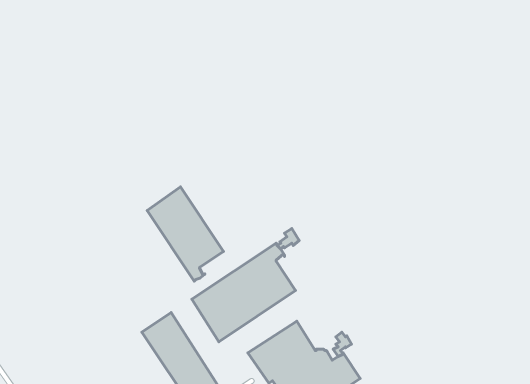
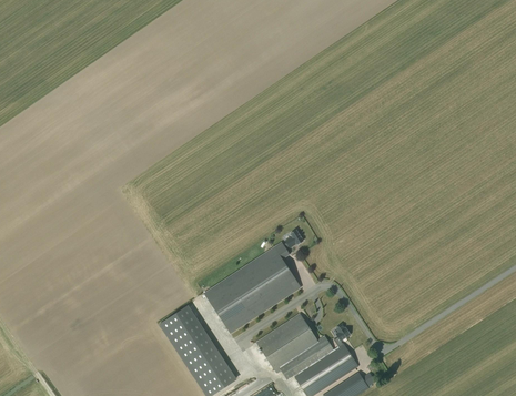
building: [147,187,223,281] -> none

